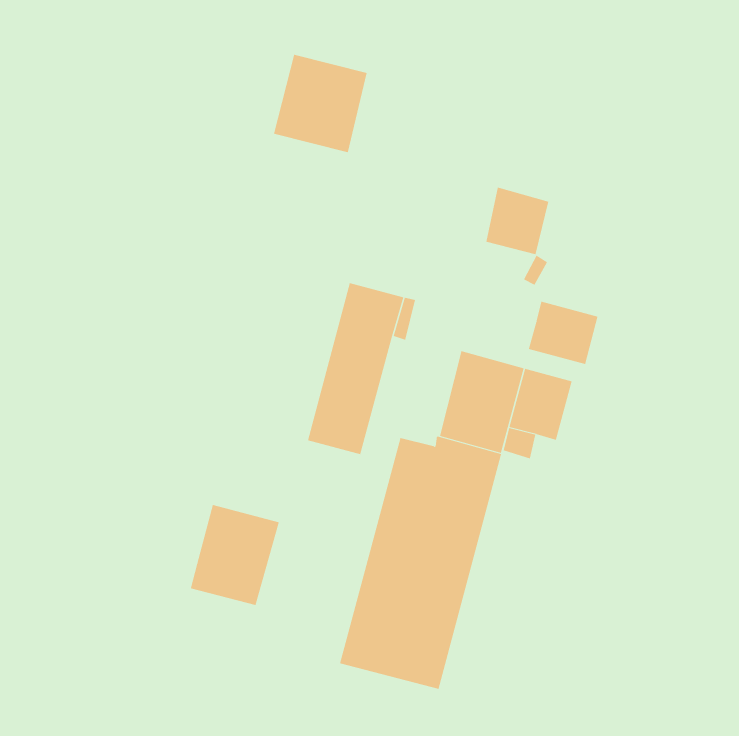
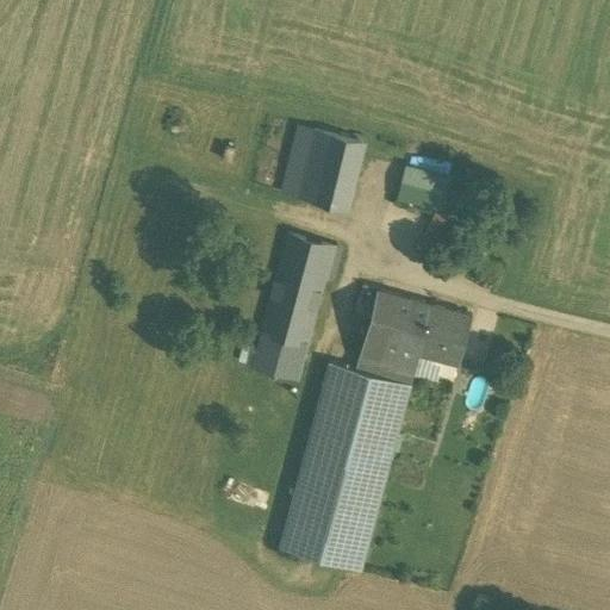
building: [273,54,367,153] -> [282,129,360,210]
building: [528,301,598,365] -> none
building: [190,504,280,606] -> none

